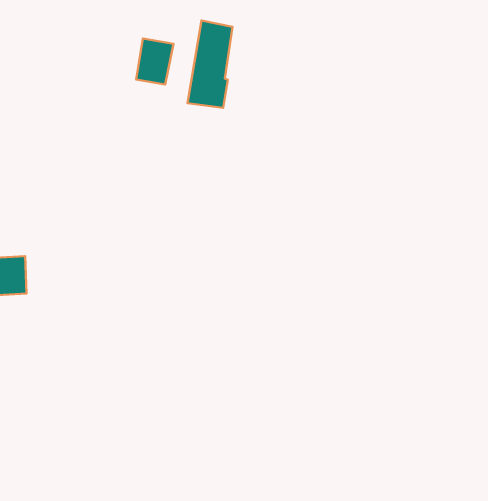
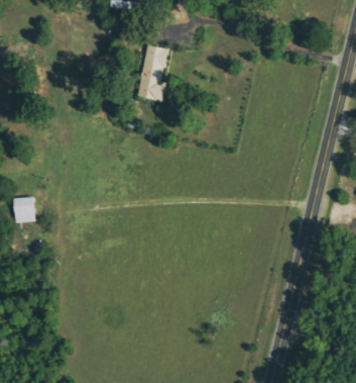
building: [136,39,173,84] -> none

